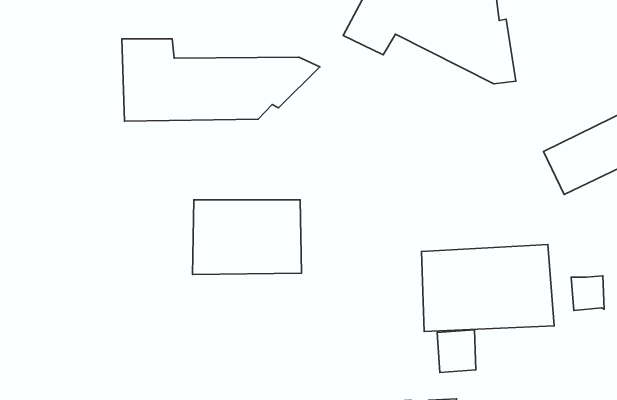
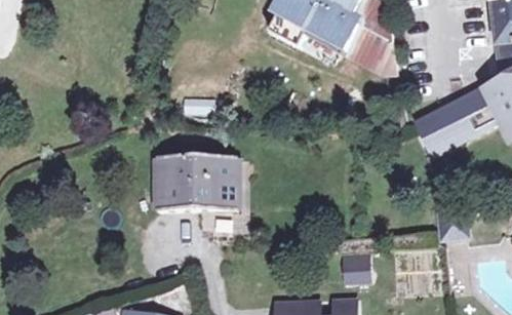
building: [122,39,320,121] -> none
building: [421,244,554,331] -> none

